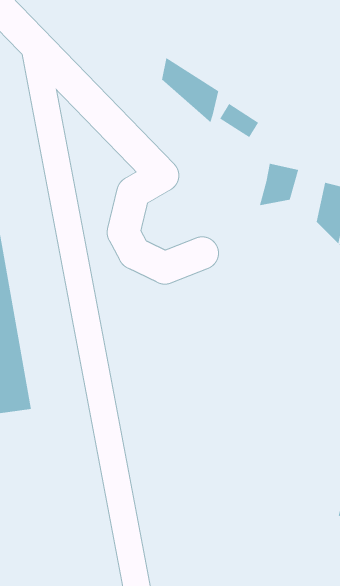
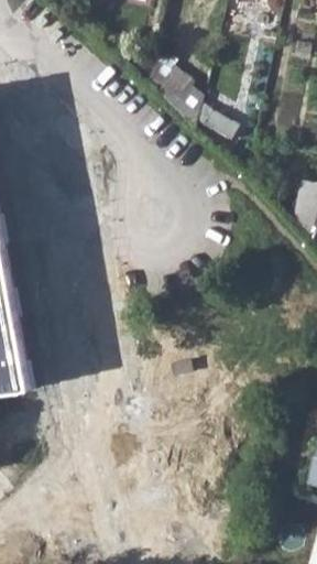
building: [259,163,299,206] -> none

